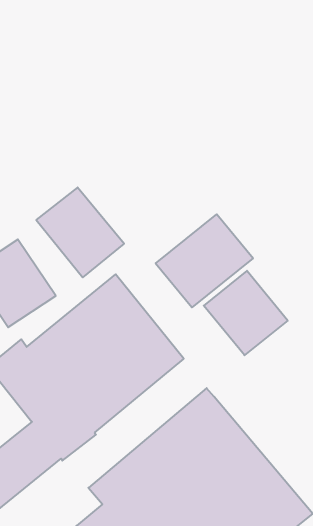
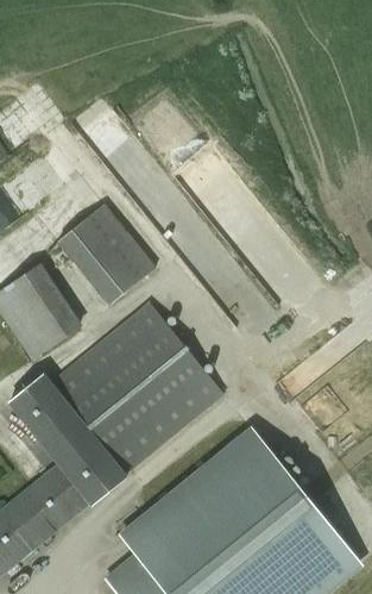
building: [156,214,253,307] -> none
building: [204,271,288,355] -> none

